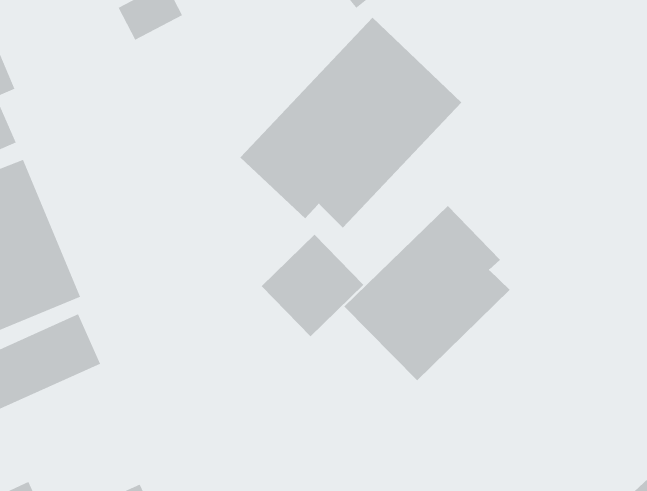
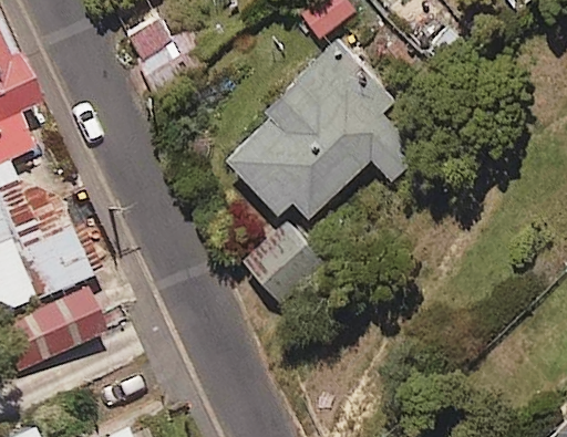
building: [344,205,510,381] -> none

